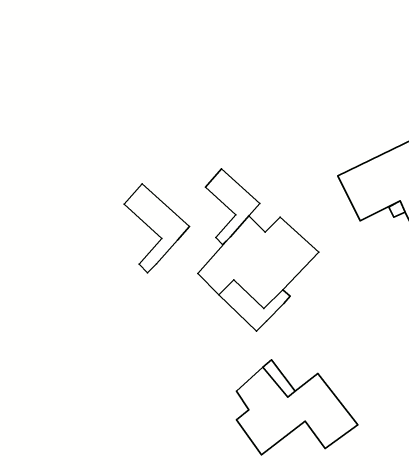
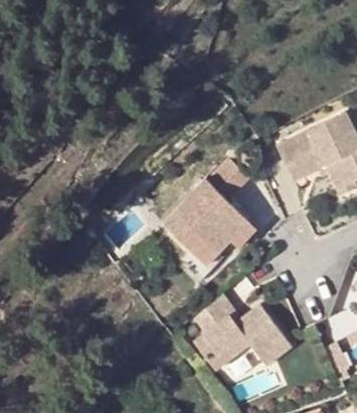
building: [206,169,260,245] -> none
building: [124,184,189,273] -> none

